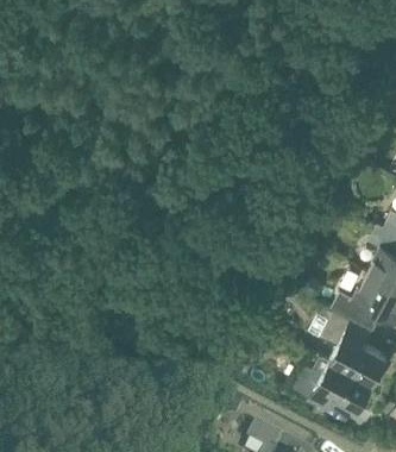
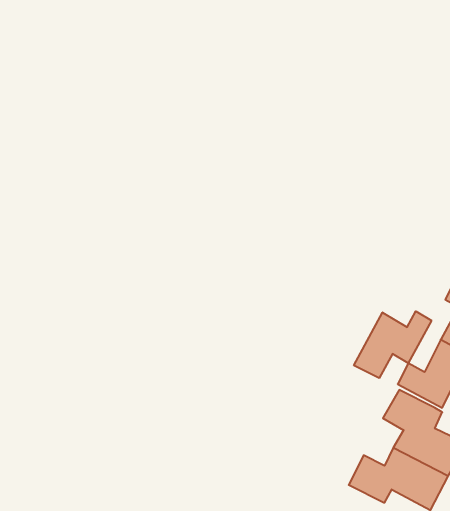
building: none -> [354,311,431,378]

